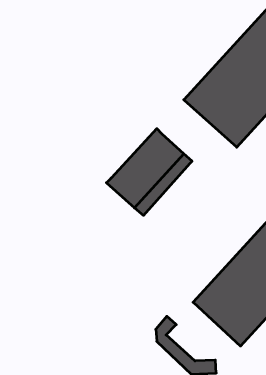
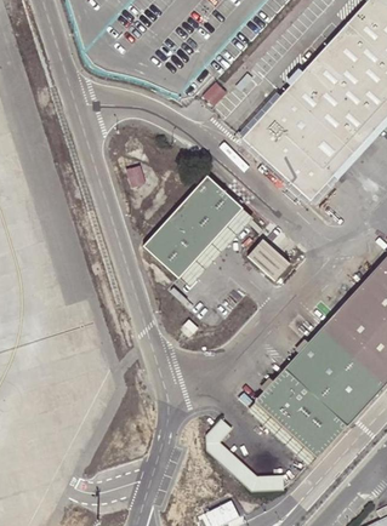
building: none -> [247,239,290,281]

